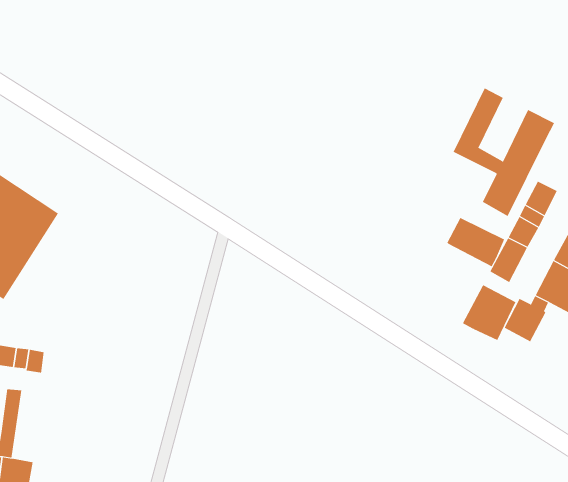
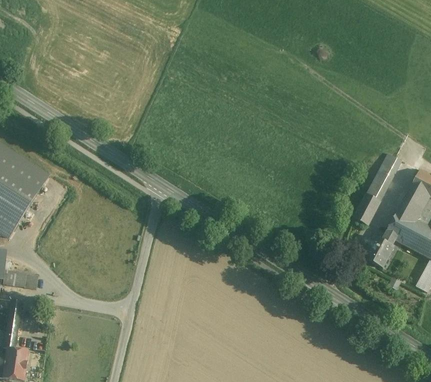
building: [453,87,555,217] -> none
building: [447,217,505,267] -> none
building: [462,285,516,341] -> none

